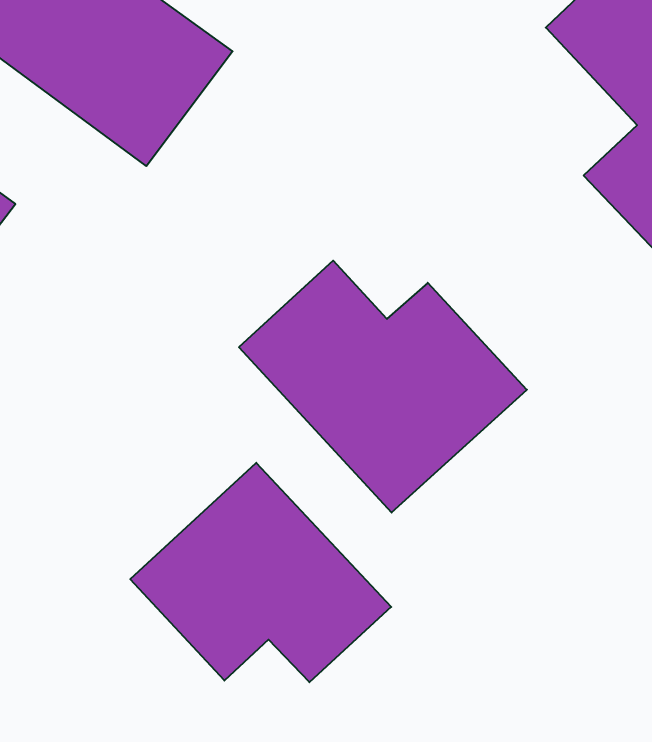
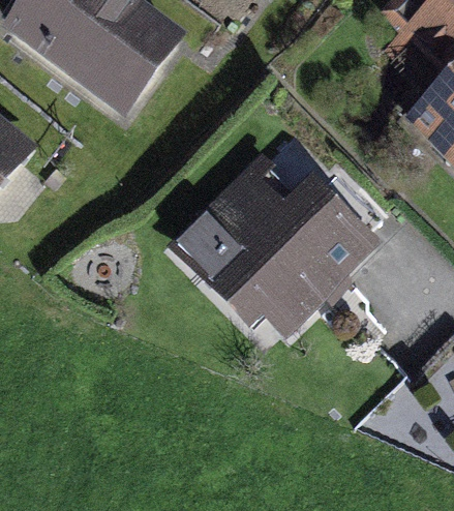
building: [130,463,391,682] -> none

